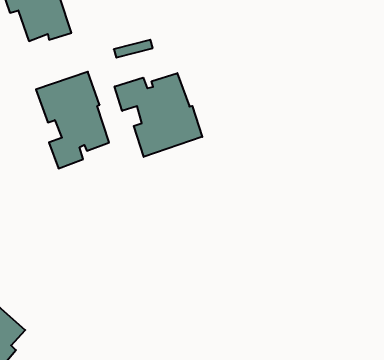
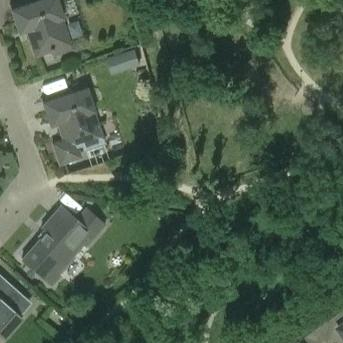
building: [115,73,202,157] -> none
building: none -> [22,206,105,286]

